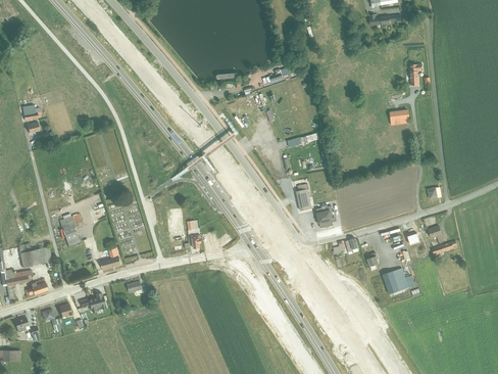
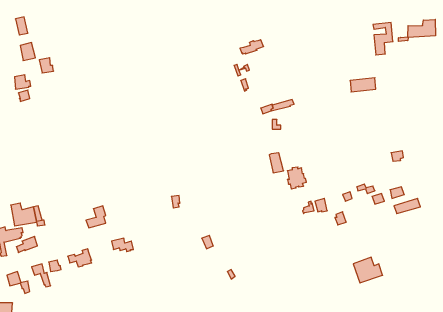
building: none -> [398,19,435,41]
building: [59,214,83,246] -> none
building: [383,267,414,294] -> [353,257,383,283]

